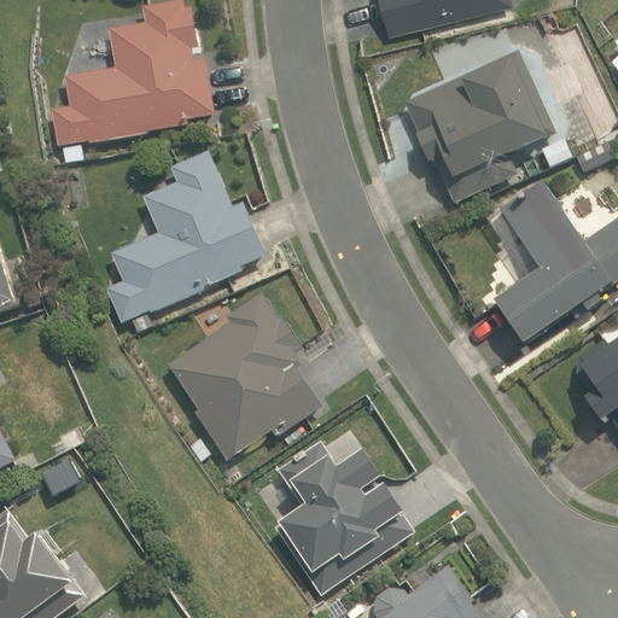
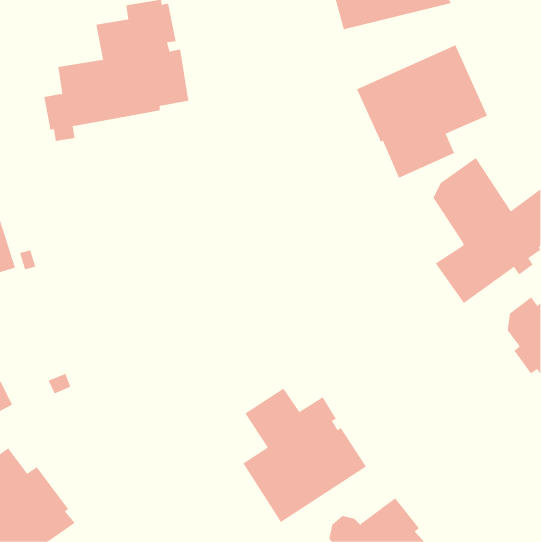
building: [106,151,266,322] -> none
building: [168,291,322,461] -> none

